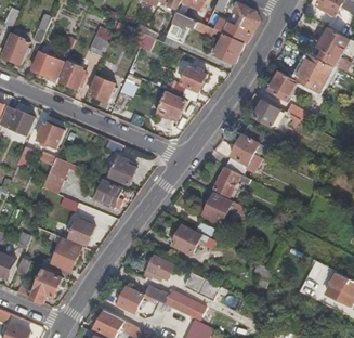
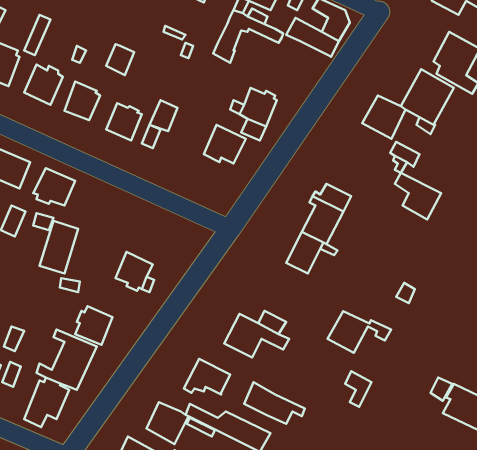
building: [213,32,242,63] -> none
building: [247,93,279,126] -> [395,173,441,219]
building: [109,156,136,185] -> none
building: [201,194,246,223] -> [328,311,391,353]

